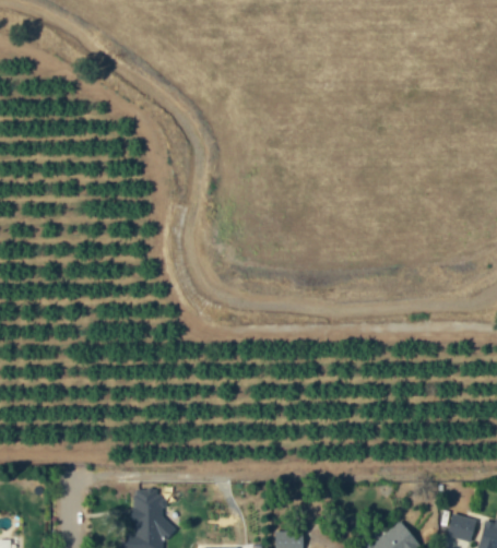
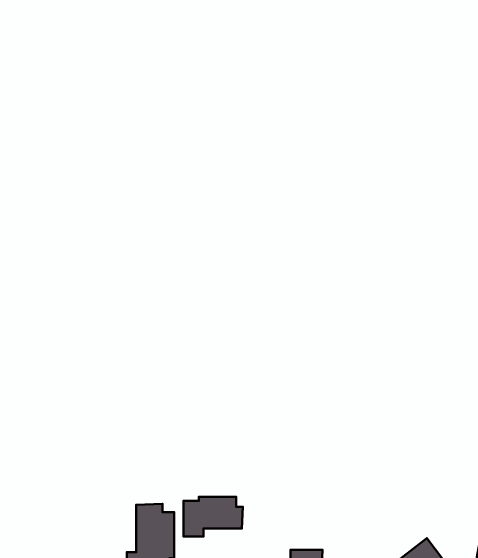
building: none -> [183,497,243,536]

